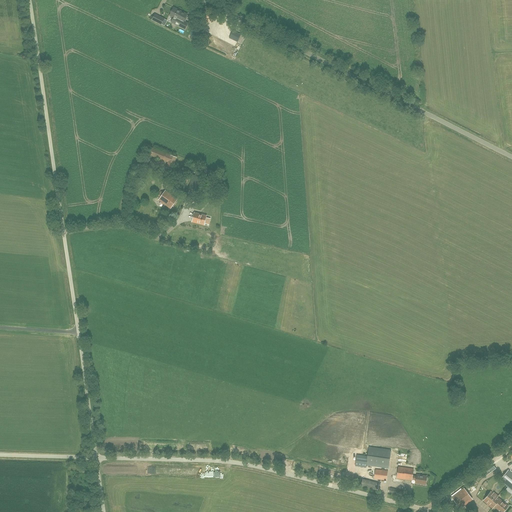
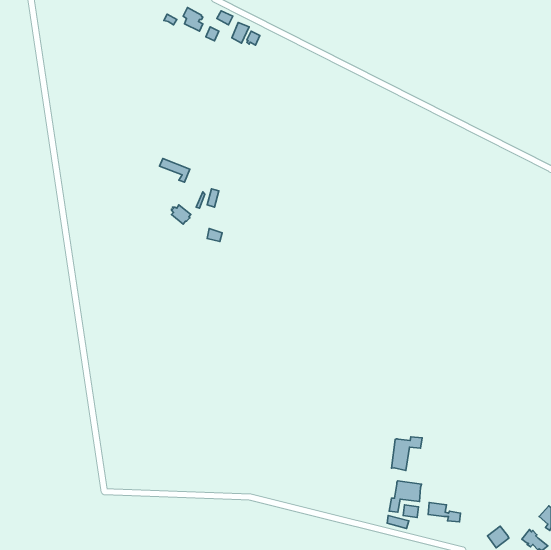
building: none -> [391,437,422,471]

